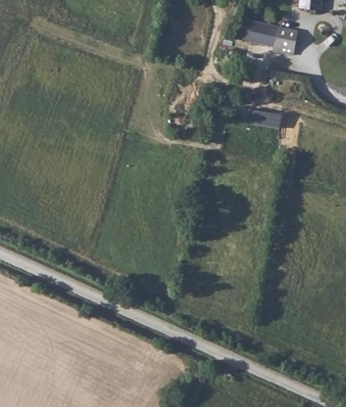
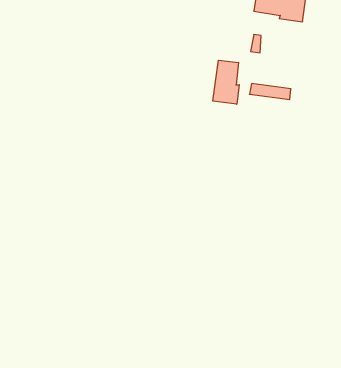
building: none -> [213,60,239,104]

